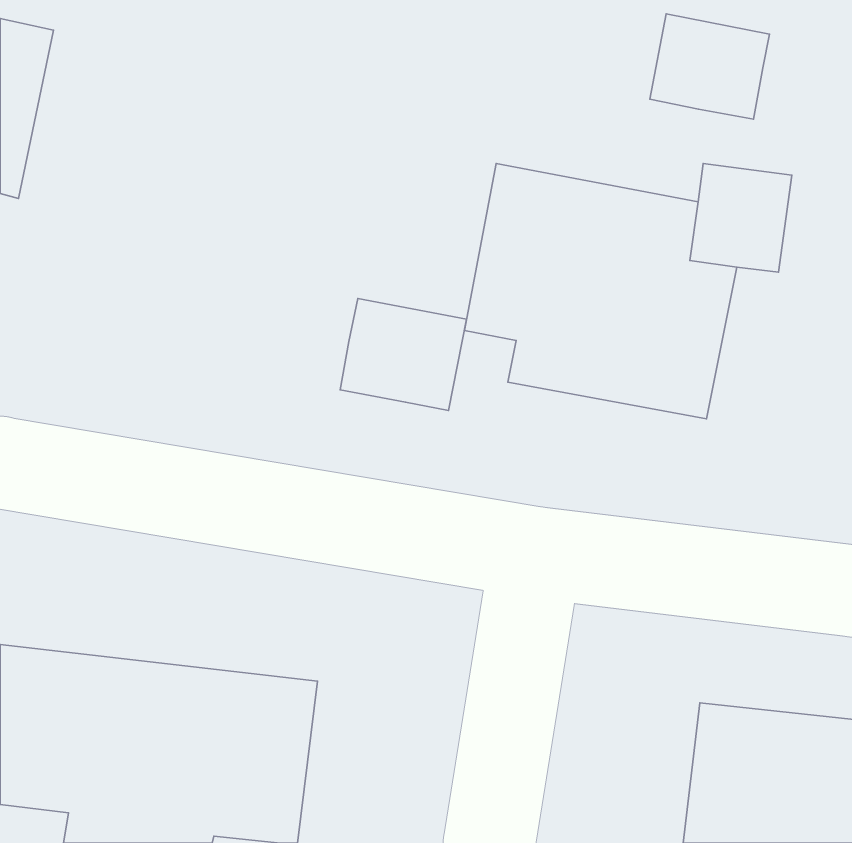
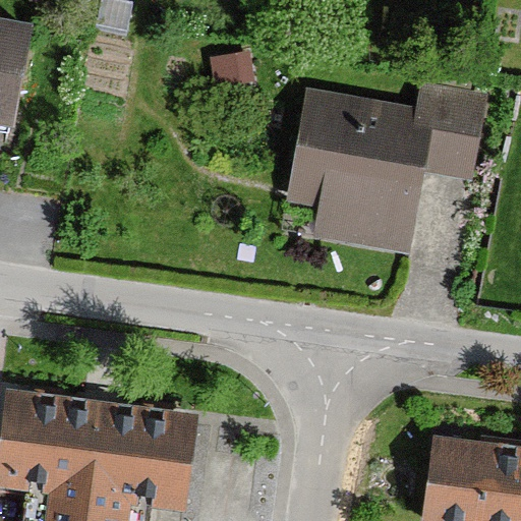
building: [650,14,770,119] -> none
building: [340,298,467,411] -> none

